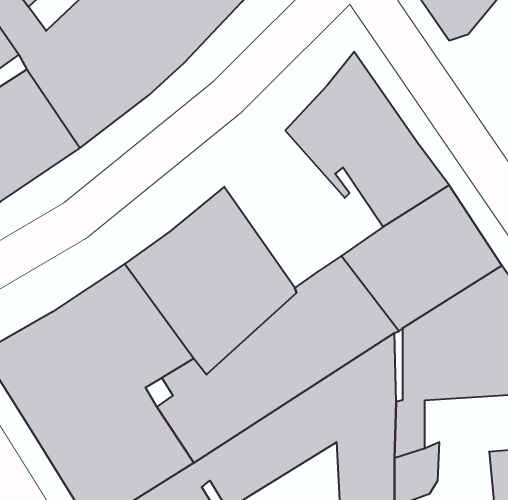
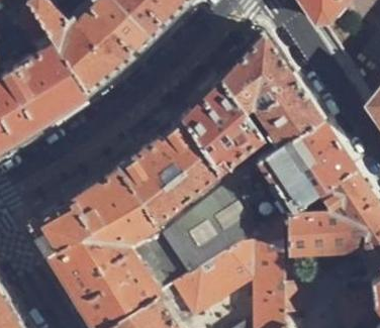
building: none -> [179,84,265,183]

